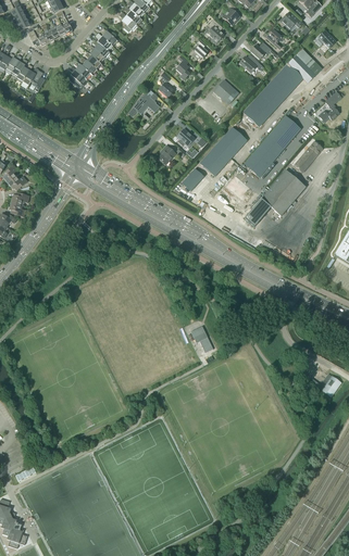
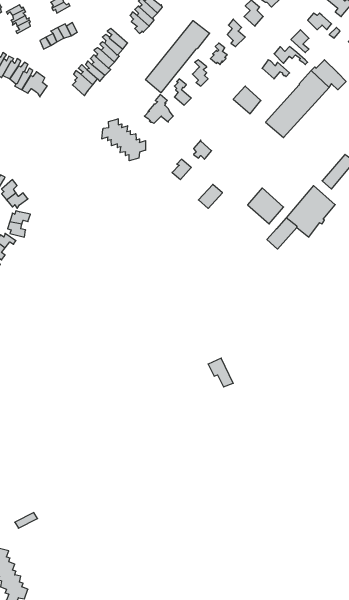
building: none -> [146,21,210,93]
building: none -> [102,119,146,161]
building: [245,115,300,176] -> none
building: [200,127,247,176] -> none

